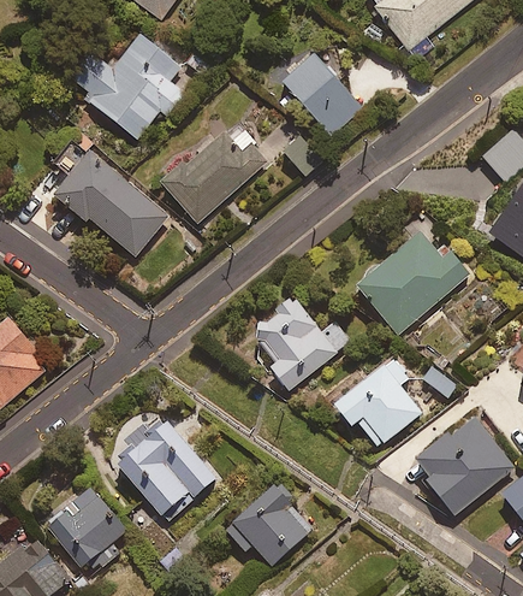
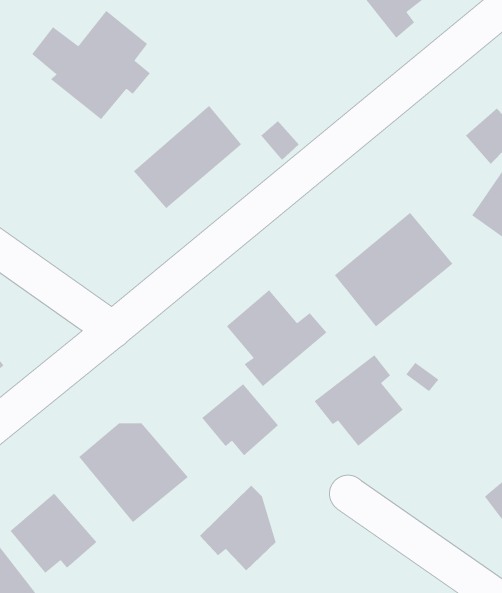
building: [284,53,362,134] -> none
building: [57,141,167,255] -> none
building: none -> [201,383,279,456]
building: [416,419,510,518] -> none

